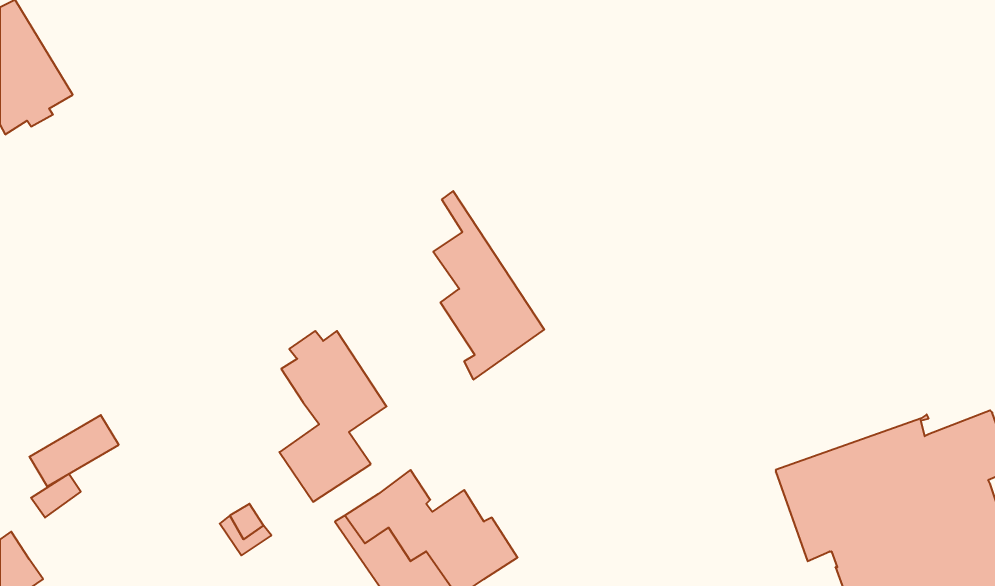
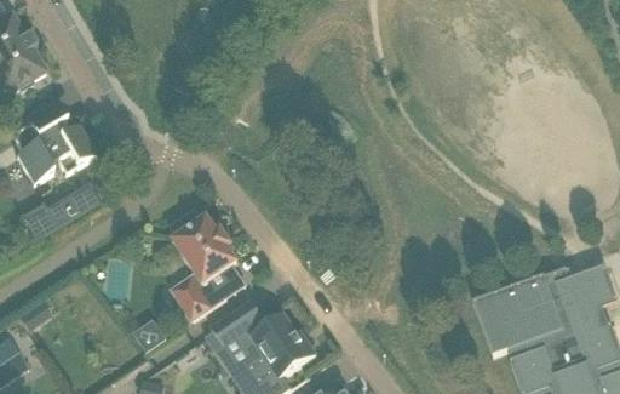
building: none -> [11,101,94,183]
building: [433,191,544,380] -> none
building: [29,415,119,487] -> [45,183,99,227]

